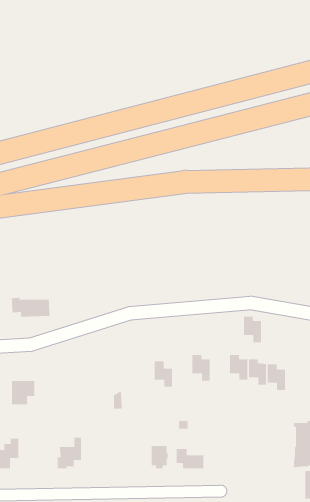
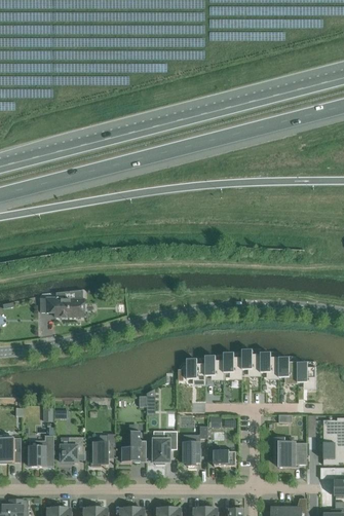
building: [243,316,262,343] -> [241,349,260,376]
building: none -> [204,356,223,385]
building: [11,380,35,405] -> [61,437,84,462]
building: none -> [121,431,146,462]
building: none -> [152,431,176,464]
building: none -> [274,438,306,467]

